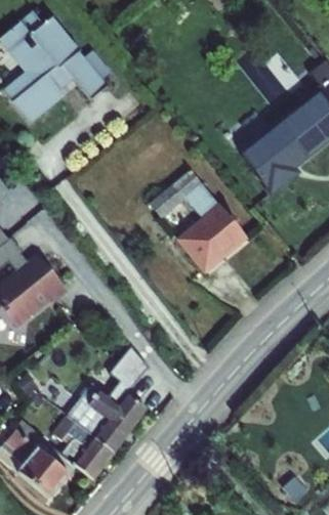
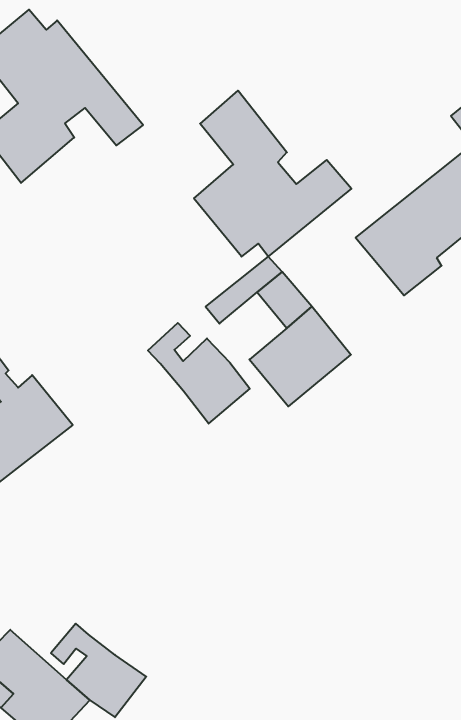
building: none -> [194,91,351,257]
building: none -> [148,323,250,424]
building: [66,339,148,446] -> none

